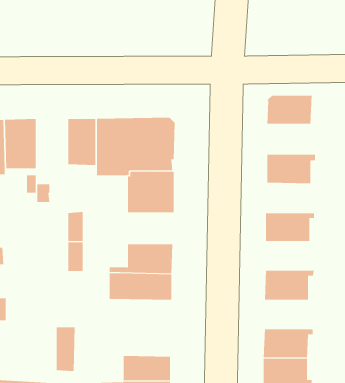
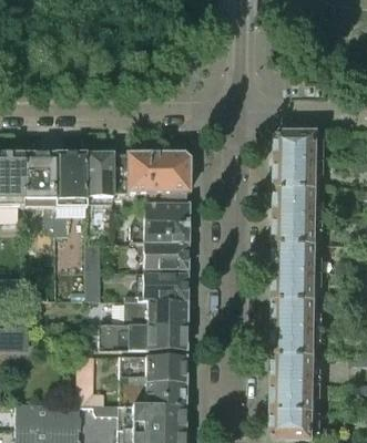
building: none -> [55,154,85,203]
building: none -> [277,159,325,188]
building: none -> [276,216,324,245]
building: none -> [143,245,188,271]
building: none -> [276,272,324,300]
building: none -> [100,326,186,352]
building: none -> [275,329,323,357]
building: none -> [120,357,186,383]

